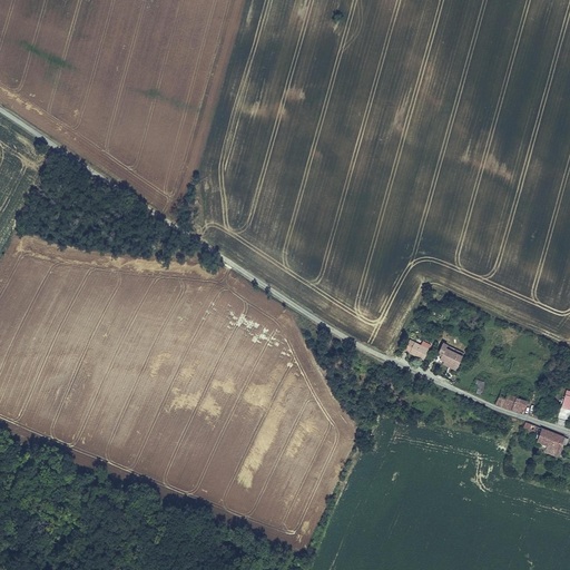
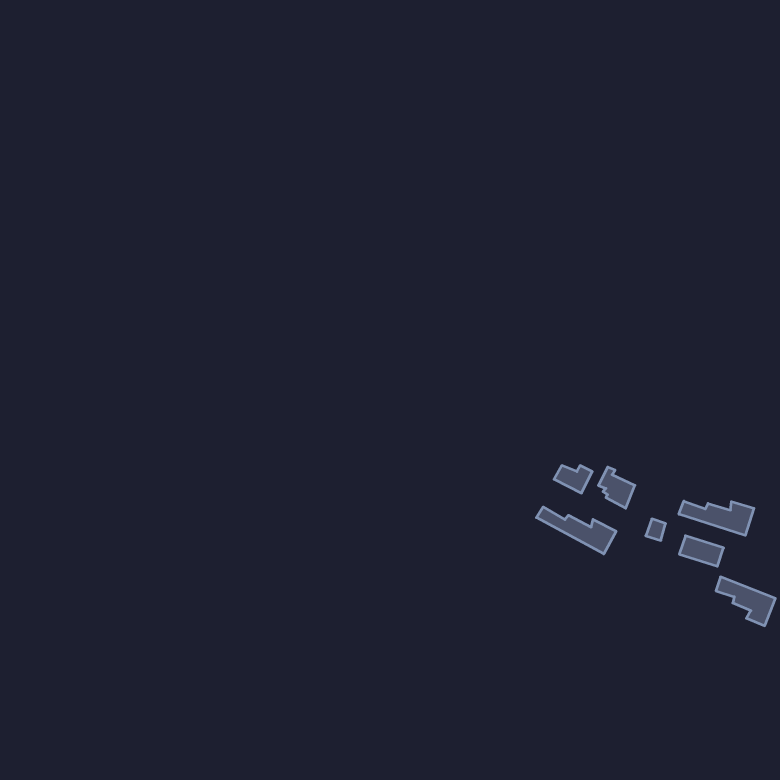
building: none -> [679,501,754,535]
building: none -> [536,507,616,554]

